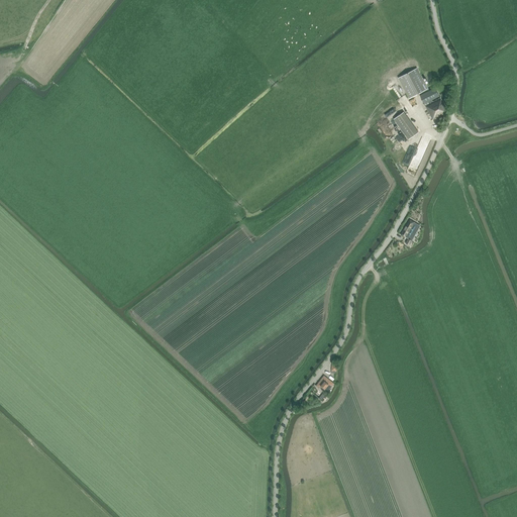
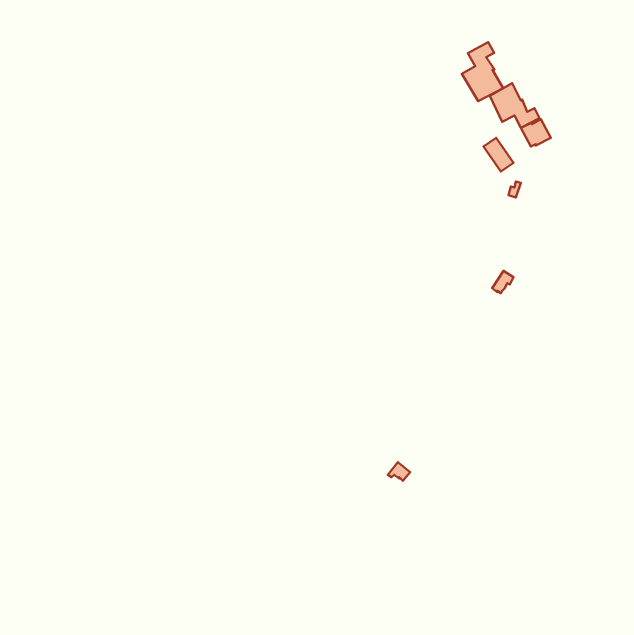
building: none -> [462,42,503,101]

